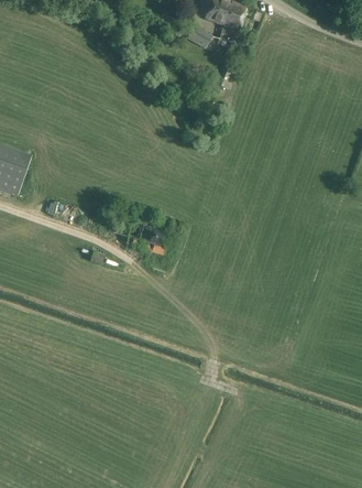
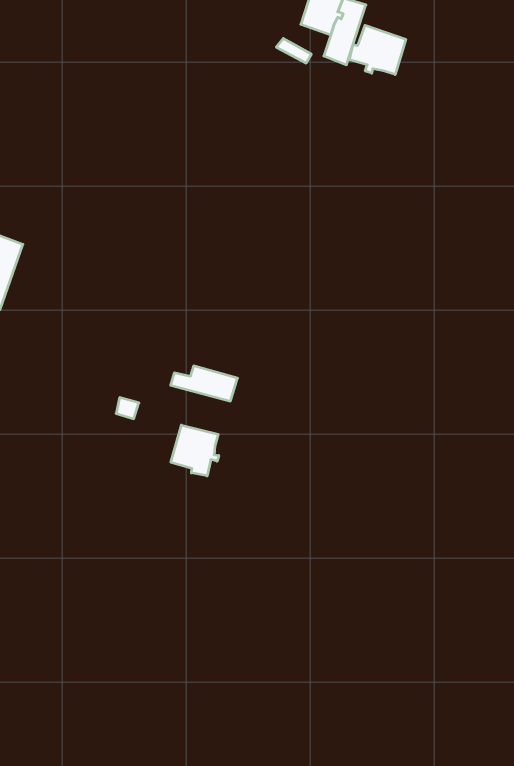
building: none -> [350,25,406,75]
building: none -> [171,425,219,476]

